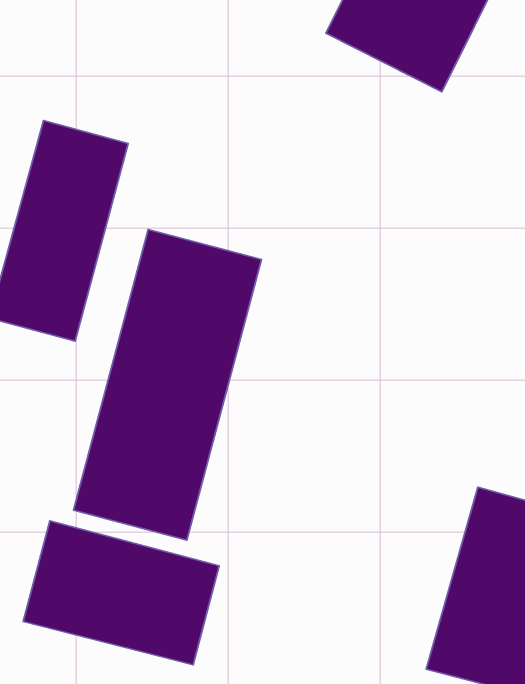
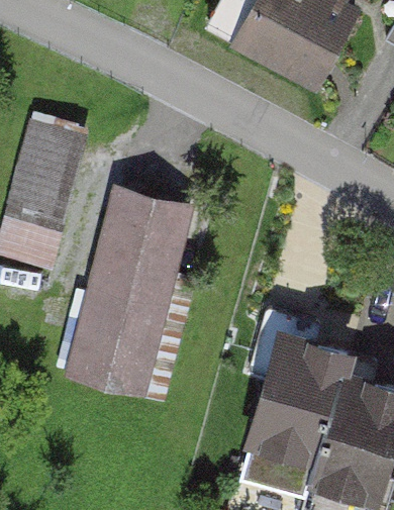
building: none -> [242,324,349,472]
building: [23,521,219,665] -> none

